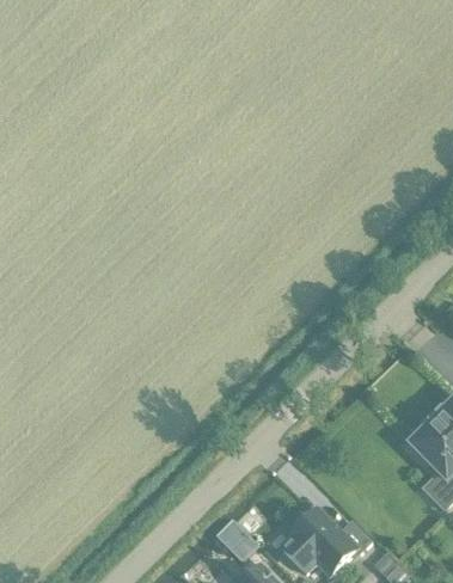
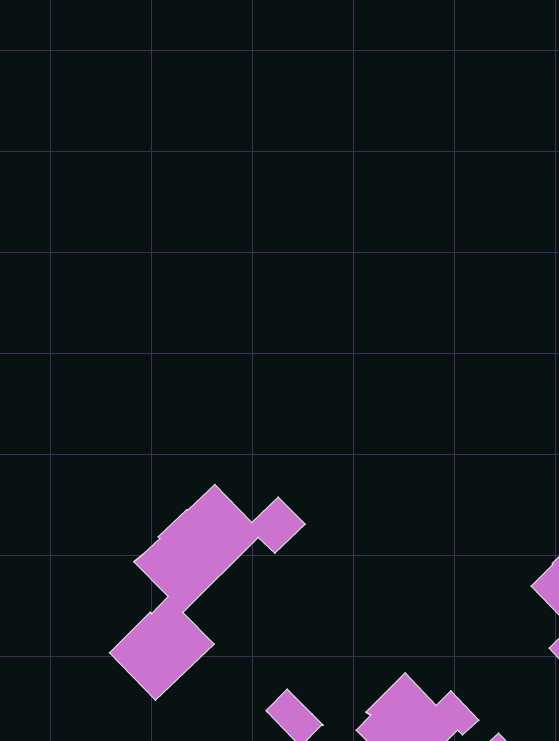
building: none -> [109,484,305,700]

